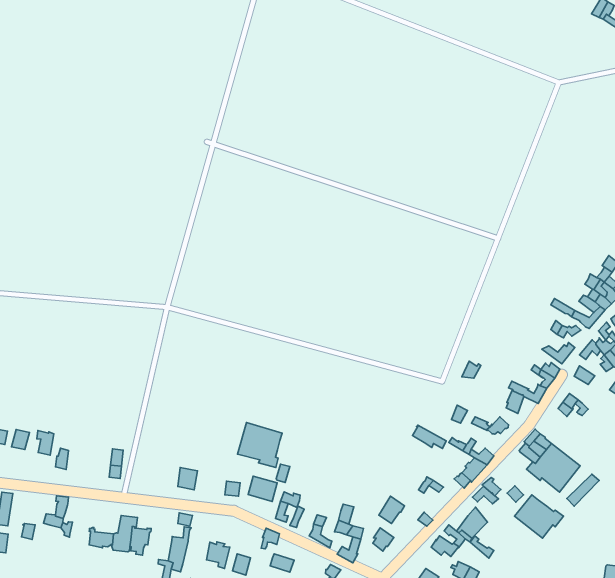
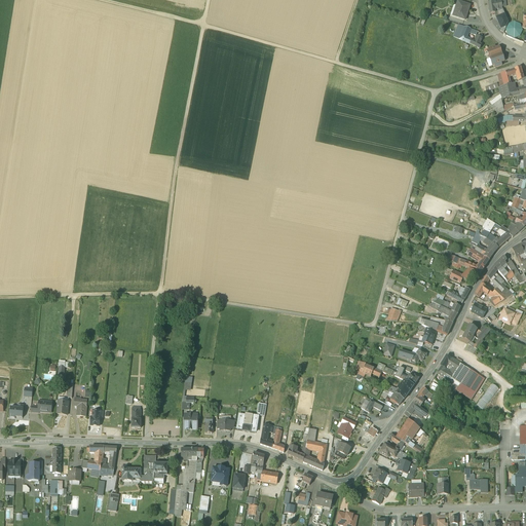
building: [238,423,282,467] -> none
building: [515,495,563,538] -> none

